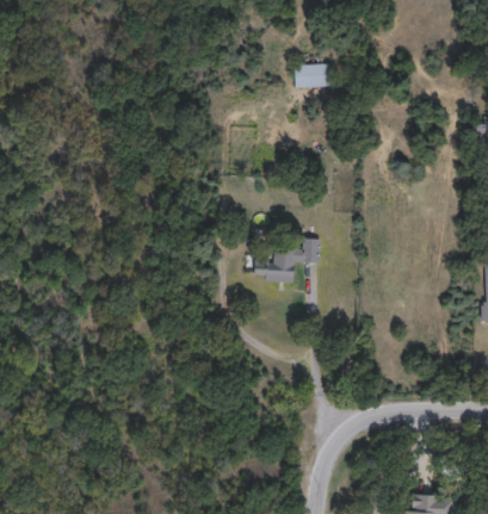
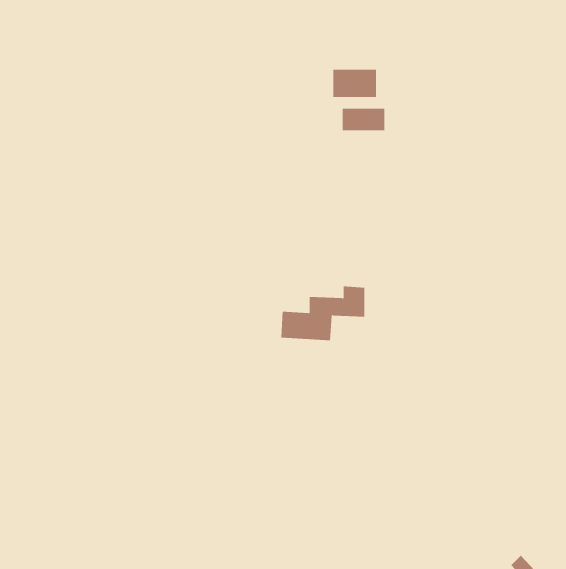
building: none -> [342,108,385,131]

